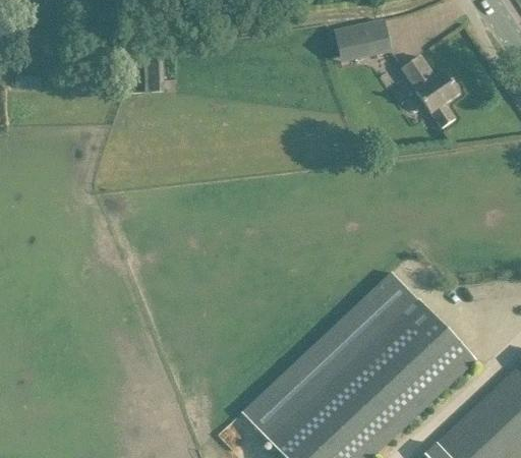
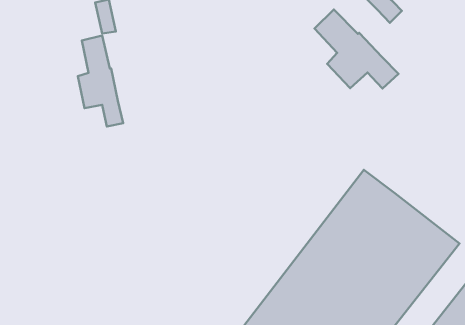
building: none -> [78,36,123,126]
building: none -> [314,9,398,89]

